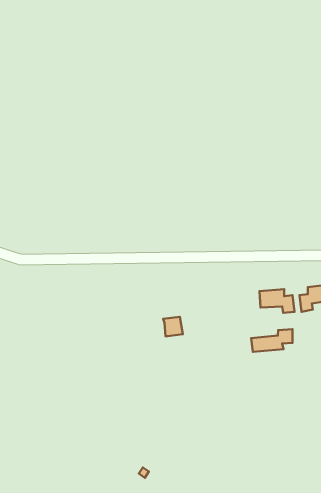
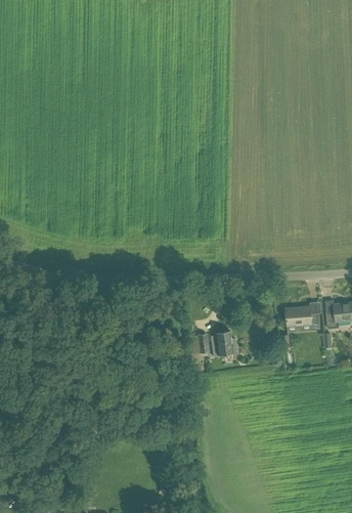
building: none -> [208,330,233,356]
building: [251,329,293,352] -> none

